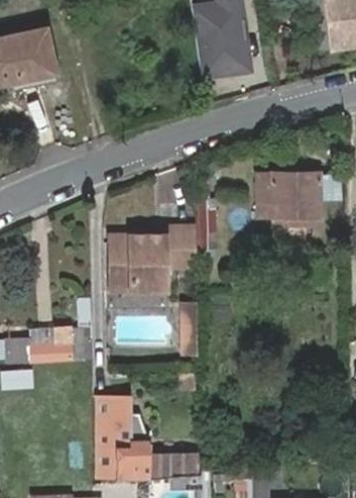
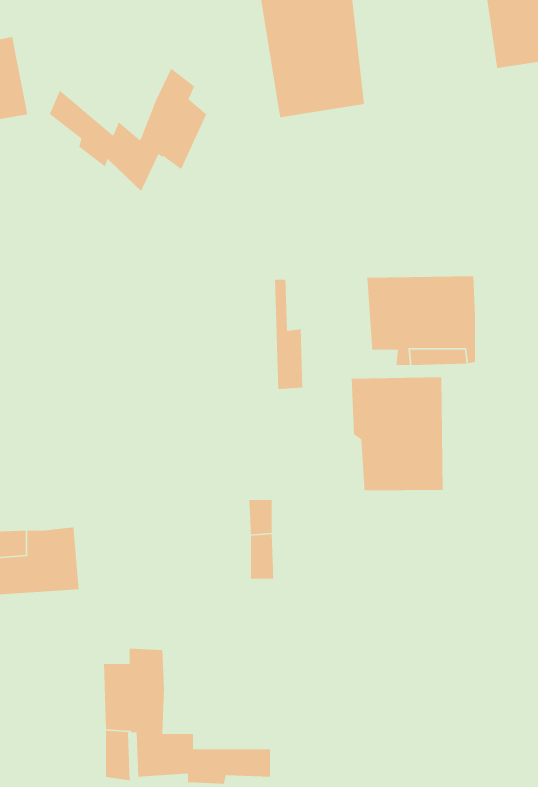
building: none -> [49,68,207,192]
building: [107,232,197,295] -> none
building: none -> [351,377,444,491]

